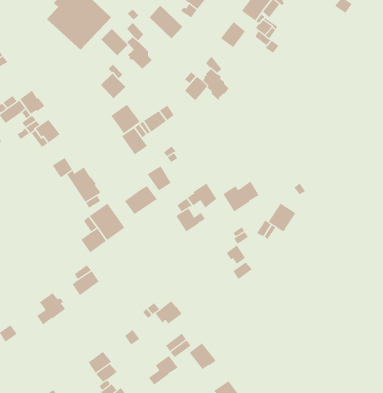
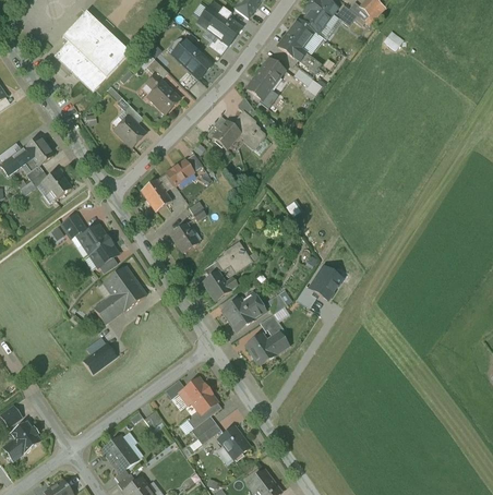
building: [101,28,128,56] -> none
building: none -> [246,76,278,107]
building: [110,104,141,134] -> none
building: [222,181,259,212] -> [223,294,265,330]
building: [124,185,157,215] -> none
building: none -> [245,334,275,364]
building: [36,292,66,325] -> [7,421,40,459]
building: [148,355,179,386] -> [187,393,221,427]

